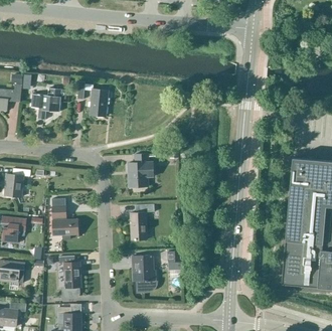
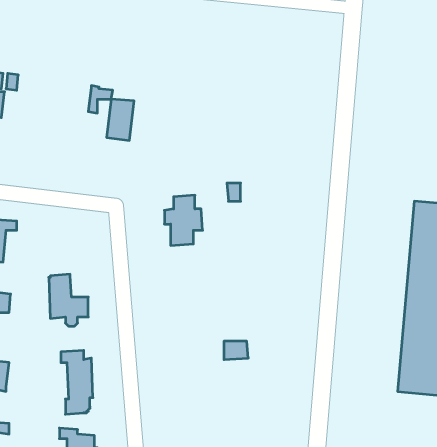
building: [31,89,66,121] -> none
building: [130,204,154,240] -> none
building: [132,256,155,290] -> none

